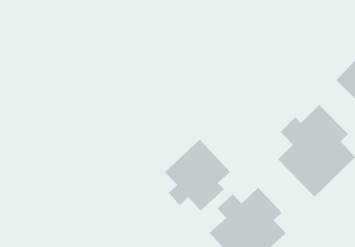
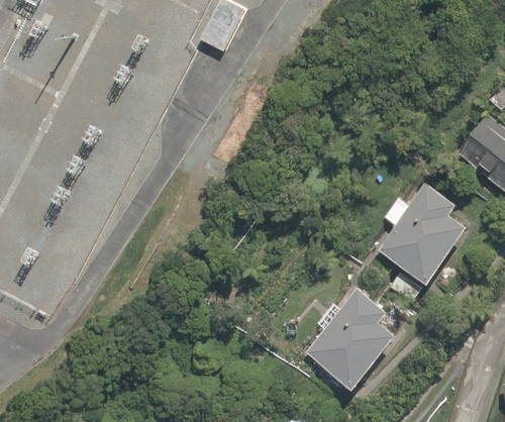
building: [164,139,231,211] -> none

